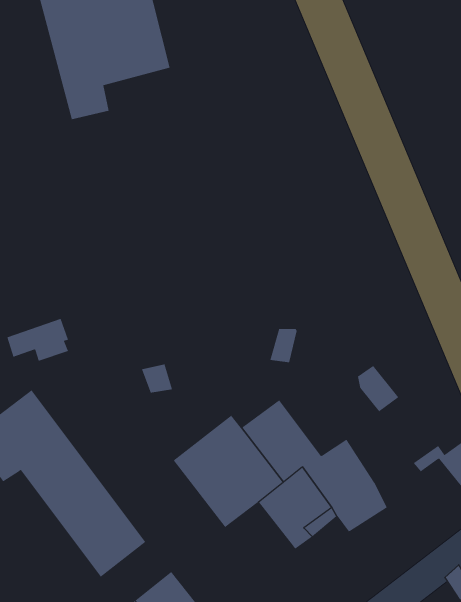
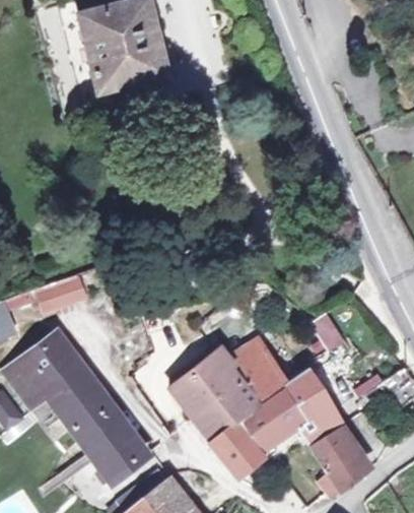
building: none -> [212,420,266,475]
building: none -> [312,424,371,495]

